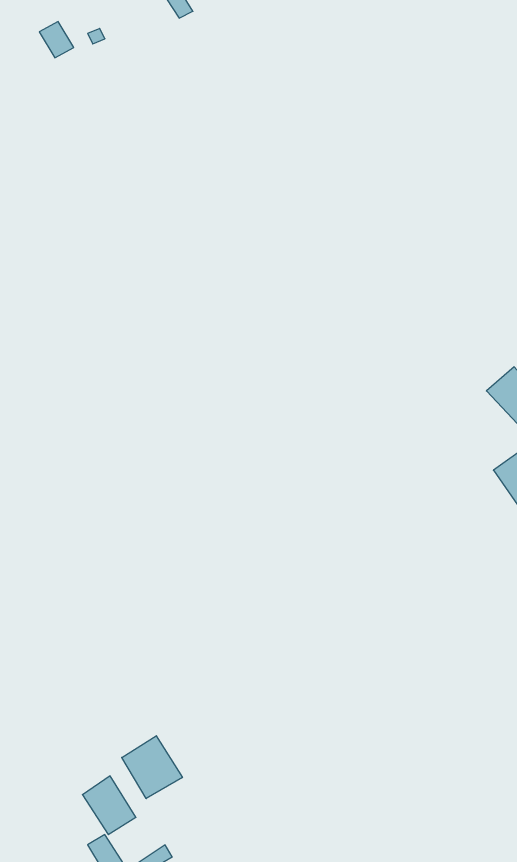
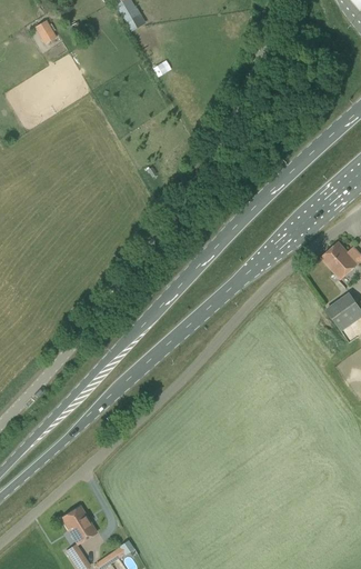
building: [122,736,182,799] -> none

